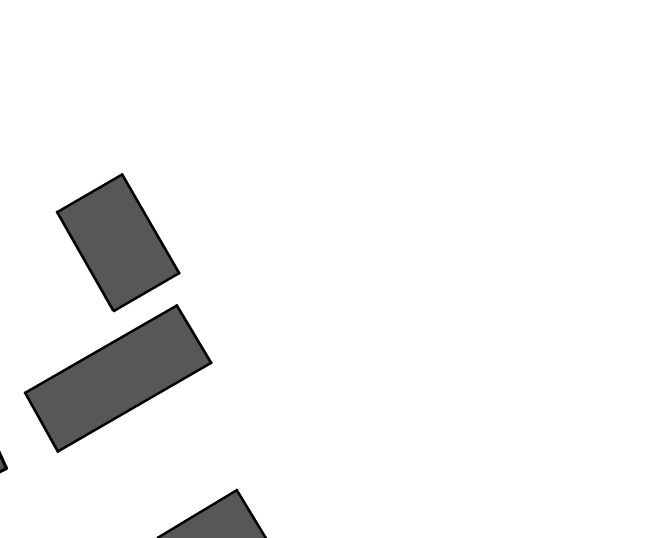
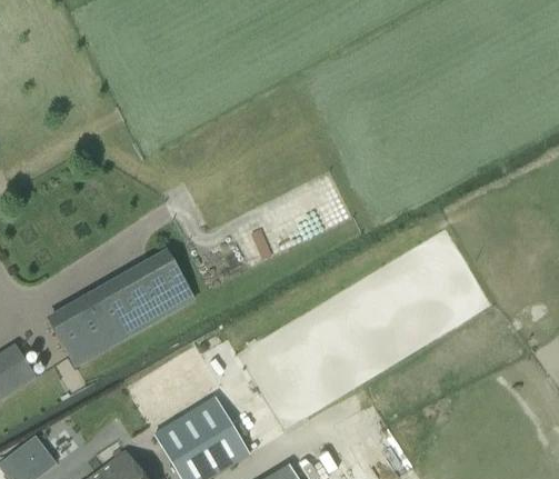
building: [57,175,179,311] -> none

